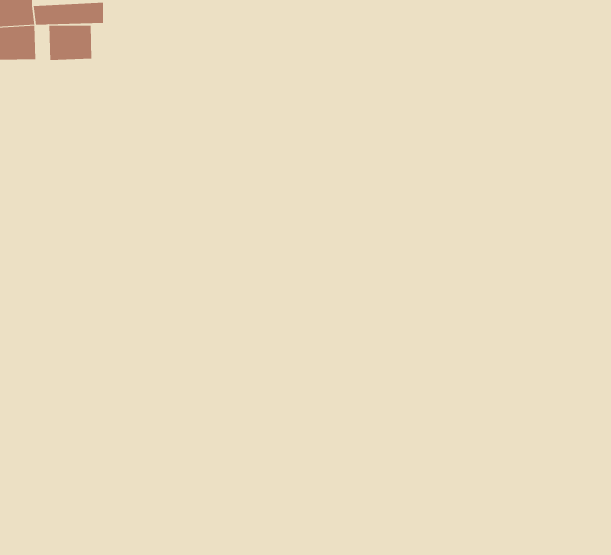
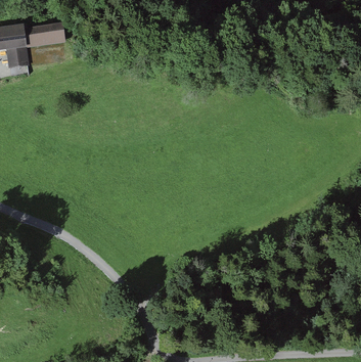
building: [49,25,92,61] -> none

